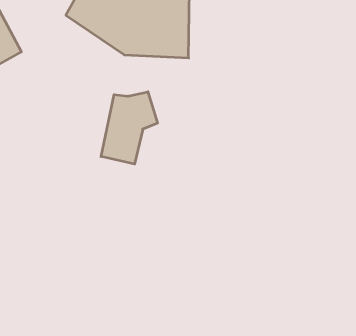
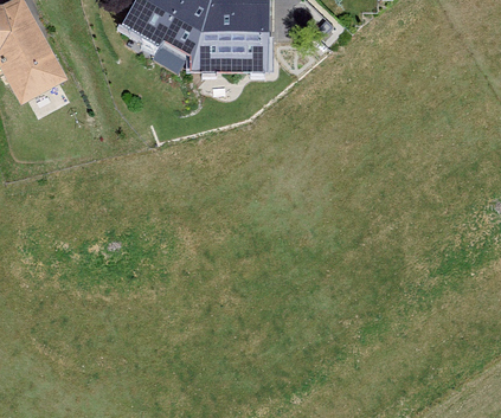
building: [101,92,158,164] -> none

